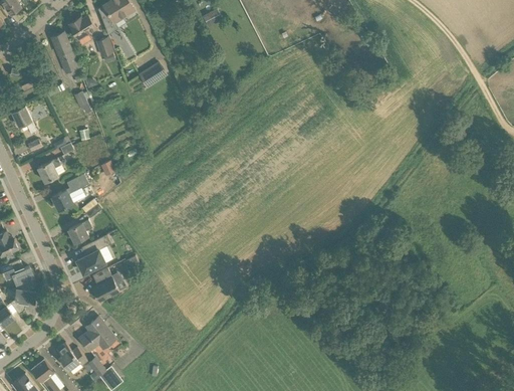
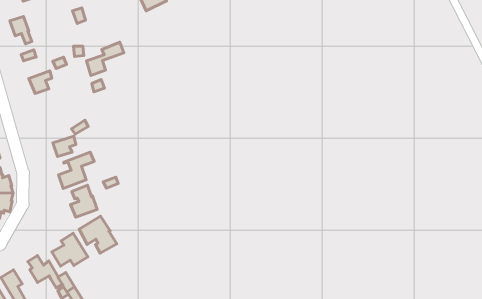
building: [52,173,88,209] -> [86,42,124,75]
building: none -> [79,216,117,253]

